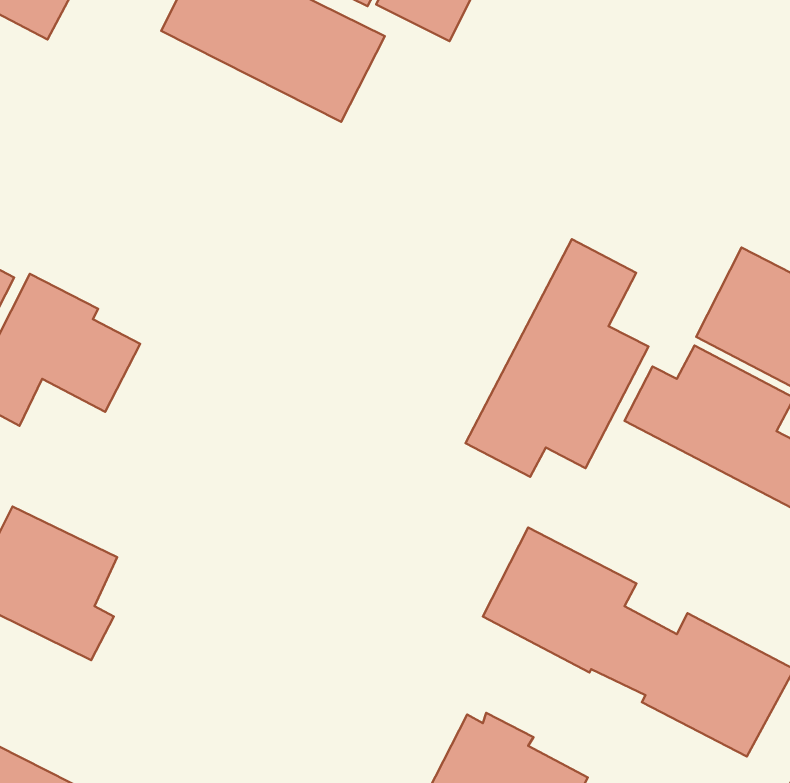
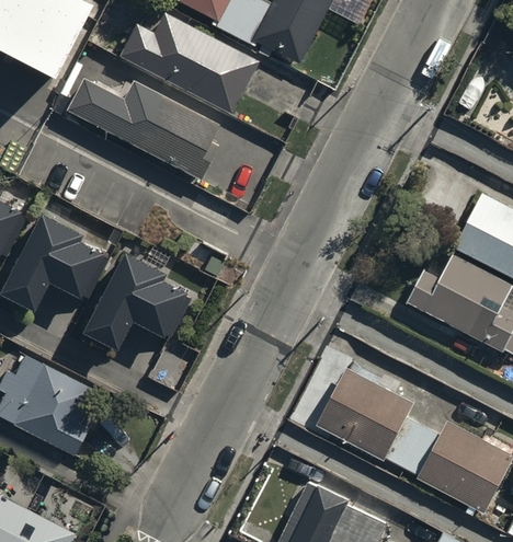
building: none -> [62,74,217,180]
building: [466,239,648,477] -> none
building: none -> [82,251,191,346]

